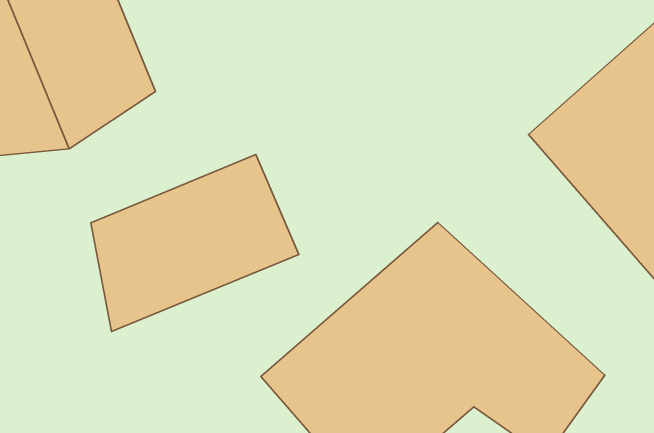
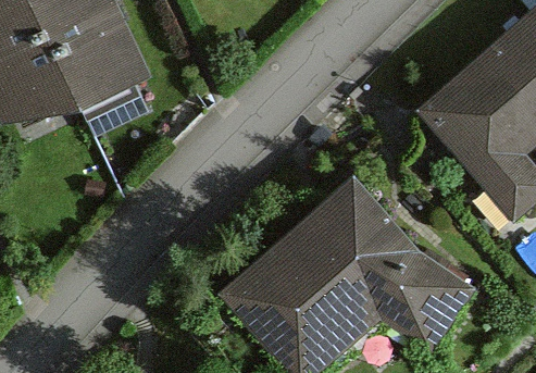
building: [91,155,299,331] -> none

